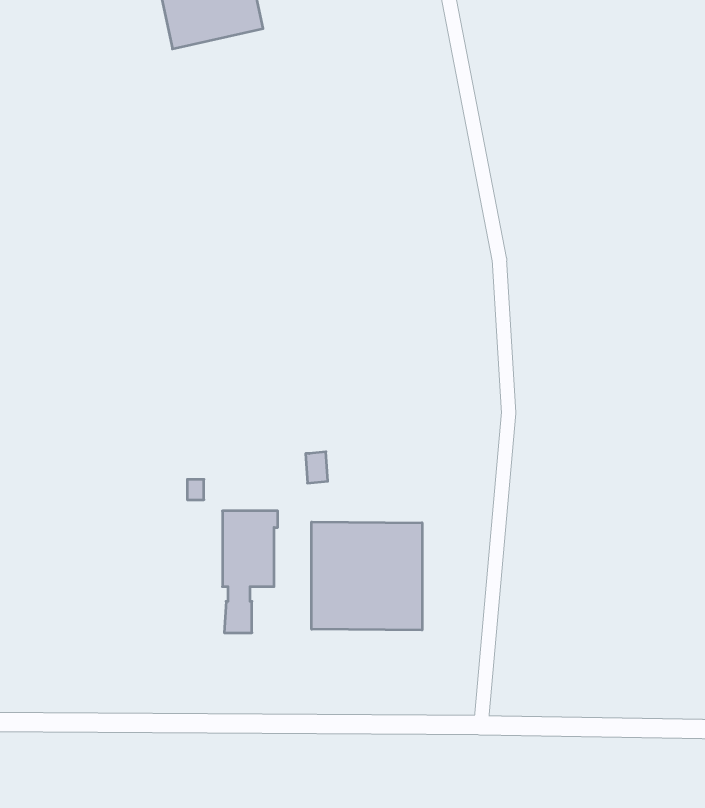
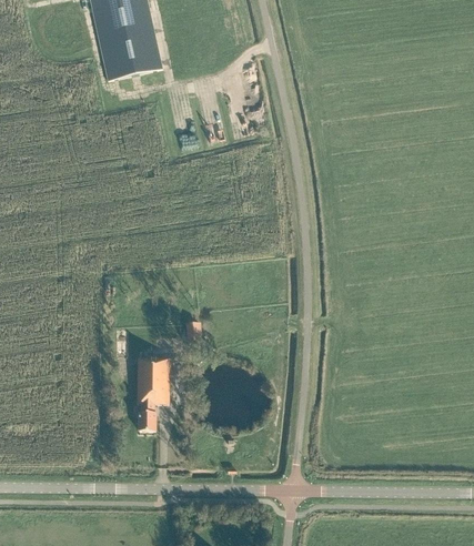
building: [312,522,422,630] -> none

